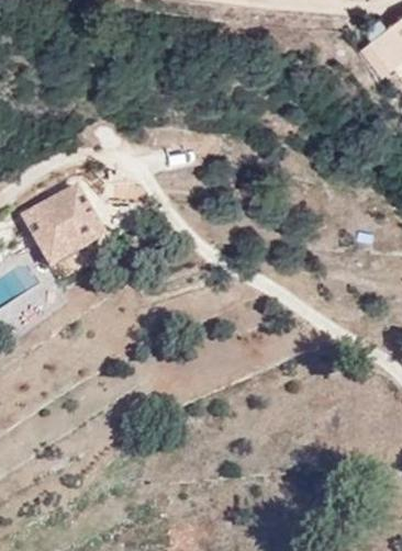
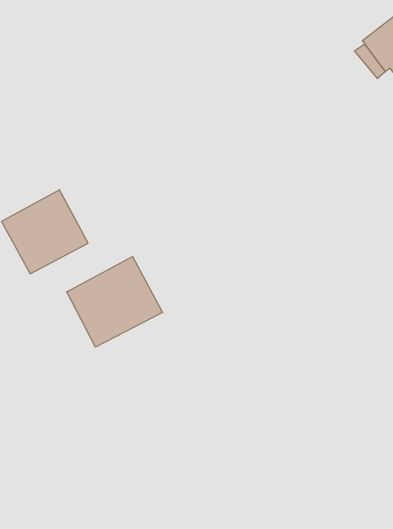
building: none -> [67,257,163,347]

